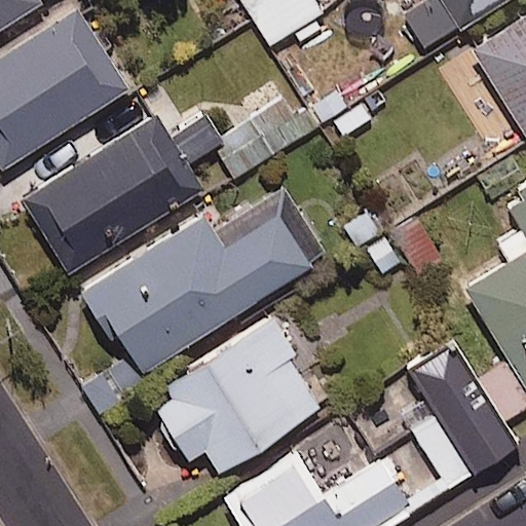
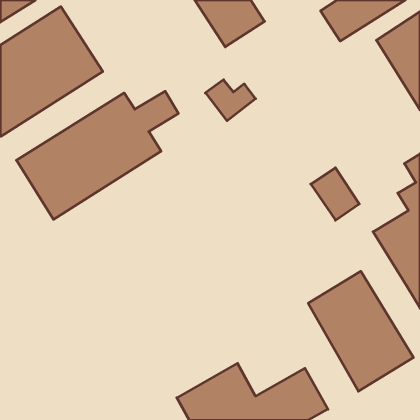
building: [83,187,327,375] -> none
building: [153,322,321,475] -> none

